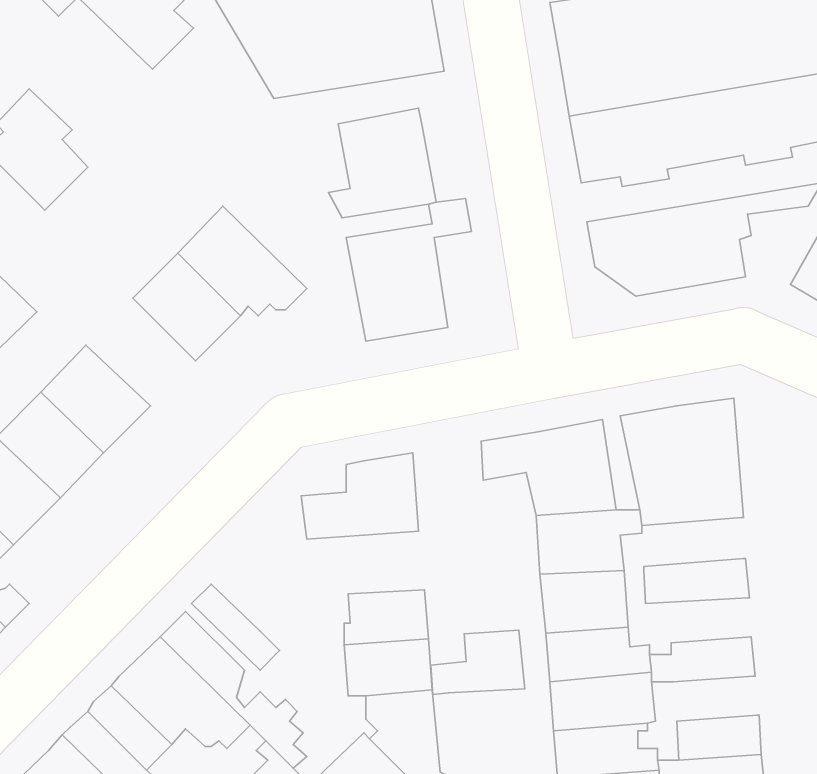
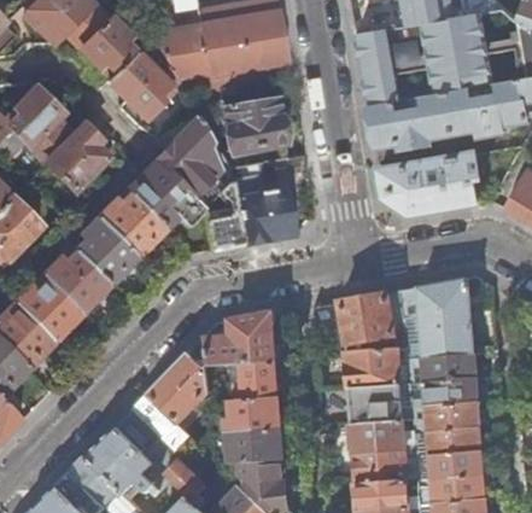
building: none -> [106,49,174,117]
building: none -> [153,115,241,249]
building: none -> [43,123,110,191]
building: none -> [69,216,136,282]
building: none -> [146,350,207,421]
building: none -> [411,351,475,381]
building: none -> [414,401,479,429]
building: [431,630,525,695] -> [220,360,277,400]
building: none -> [431,449,484,477]

